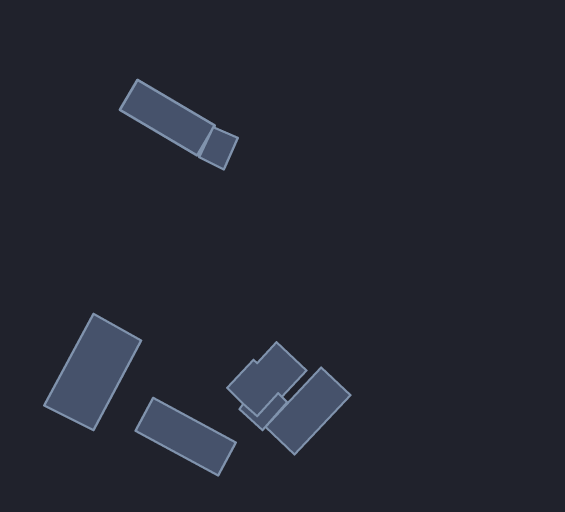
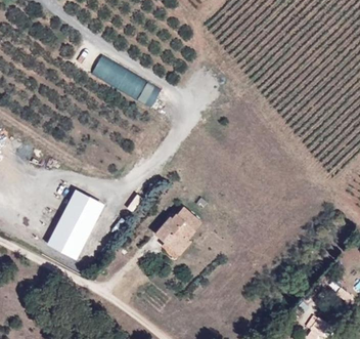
building: [265,367,350,455] -> none
building: [135,398,236,475] -> none

